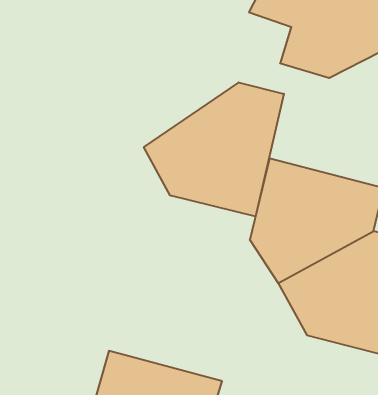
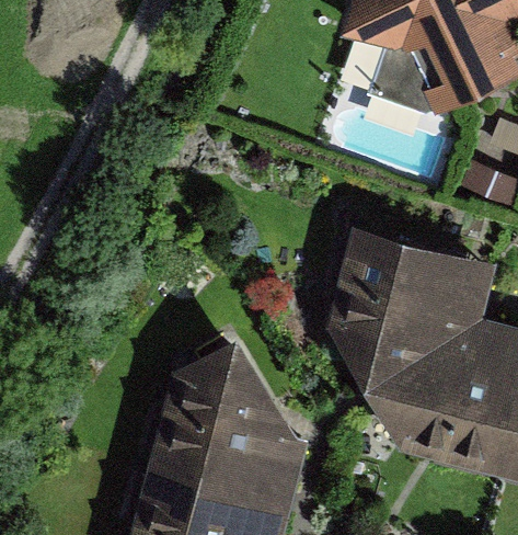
building: [144,82,284,216] -> none
building: none -> [148,330,310,509]

